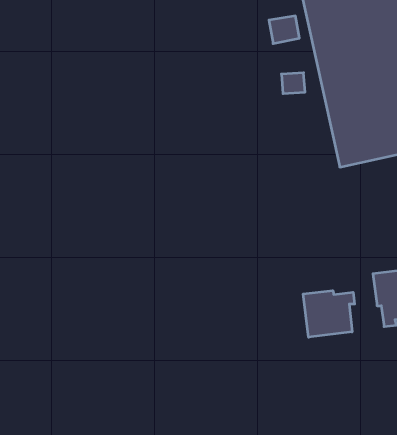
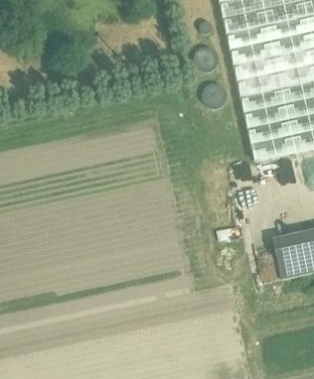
building: [303,291,355,337] -> none

